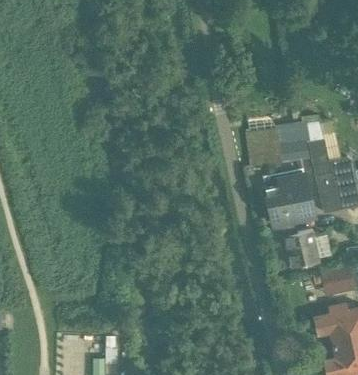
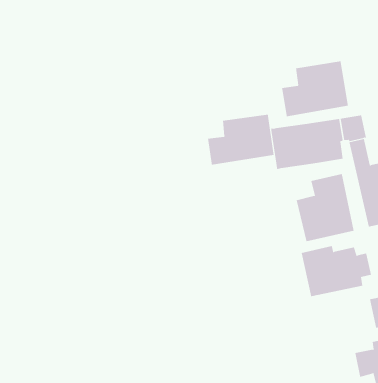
building: none -> [282,61,348,117]
building: none -> [208,114,274,165]

